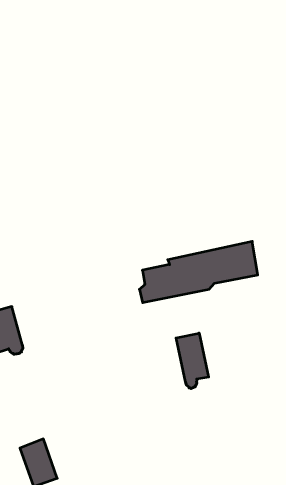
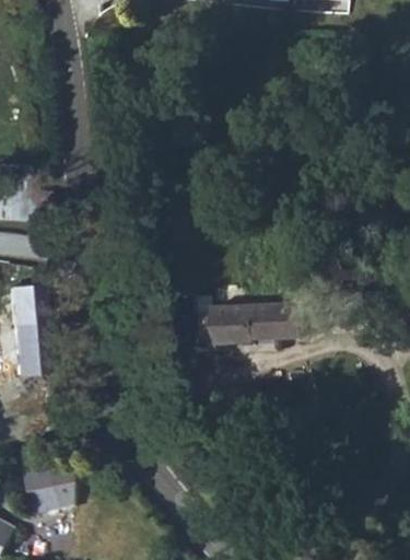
building: [176,333,209,389] -> none

